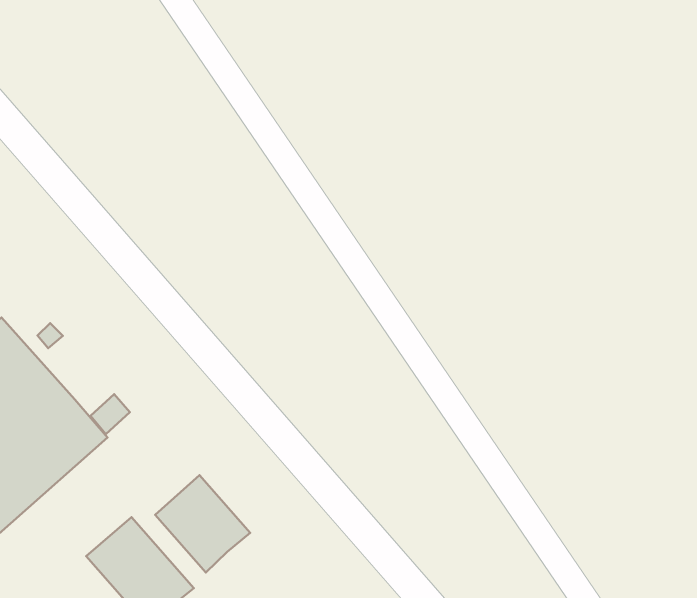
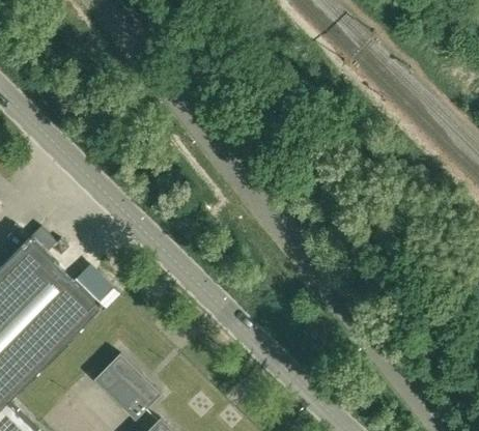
building: [155,475,250,572] -> none

